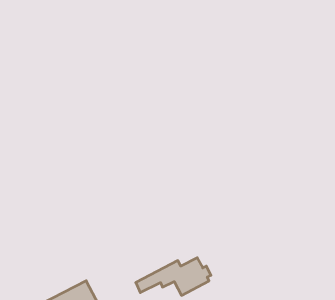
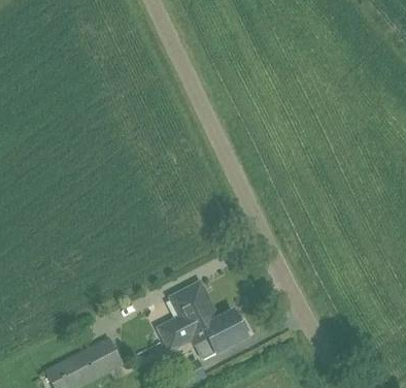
building: none -> [159,282,214,338]

